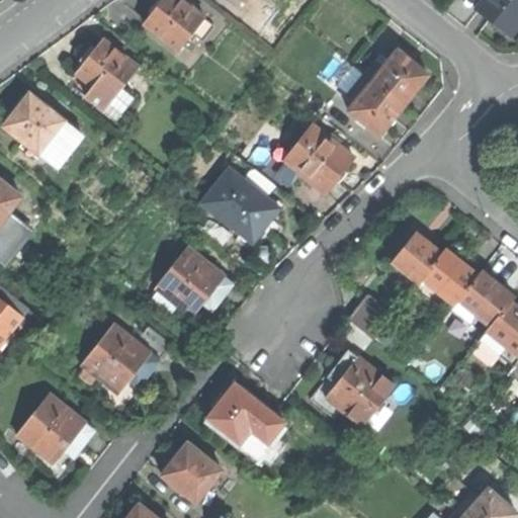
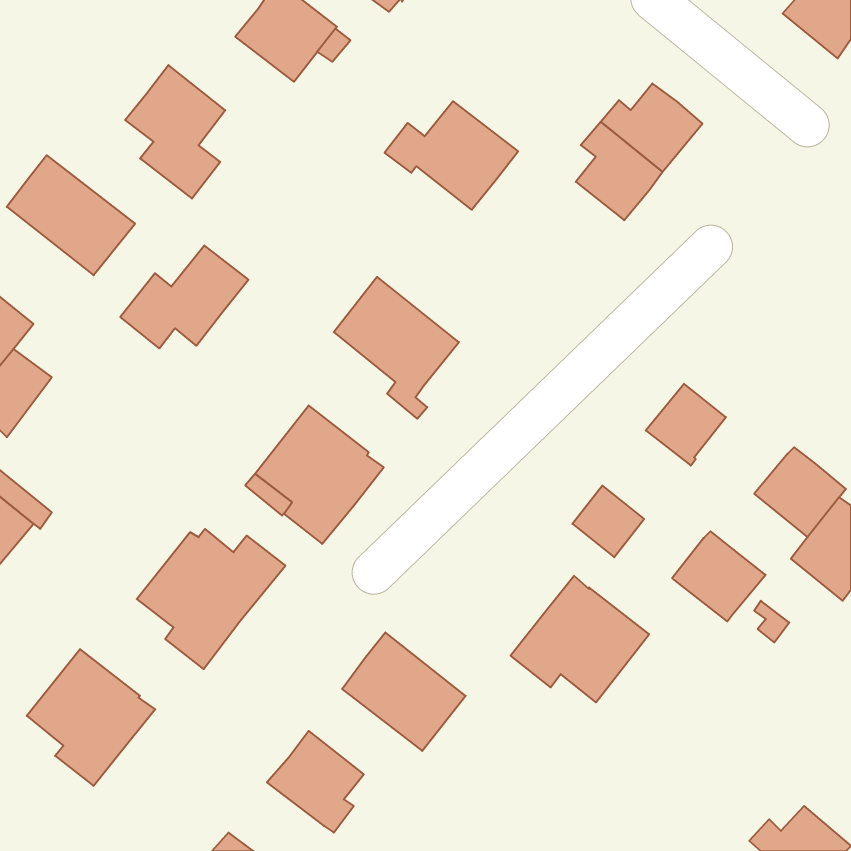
building: [271,125,352,191] -> [385,101,518,210]
building: none -> [120,245,248,348]
building: [421,249,478,304] -> [672,531,766,621]

